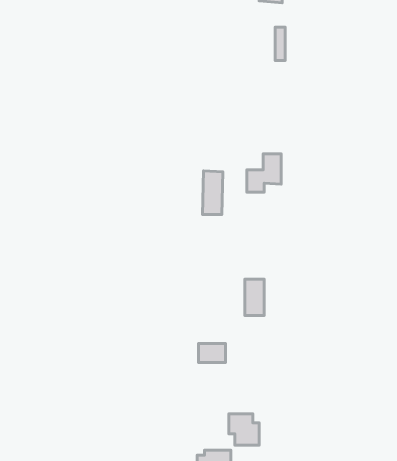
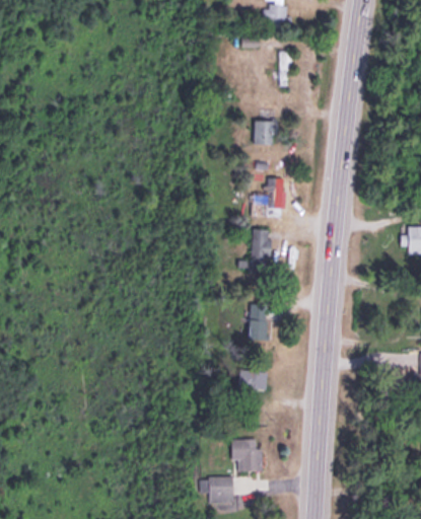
building: none -> [254,121,278,146]
building: [203,171,223,214] -> [251,229,271,273]
building: [198,343,226,363] -> [239,371,267,390]

